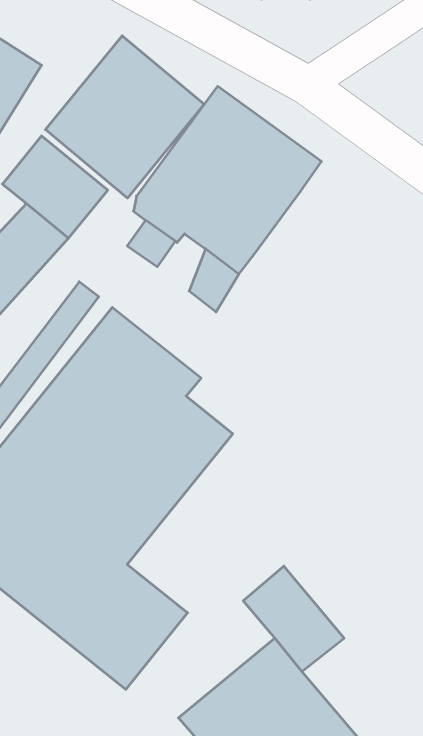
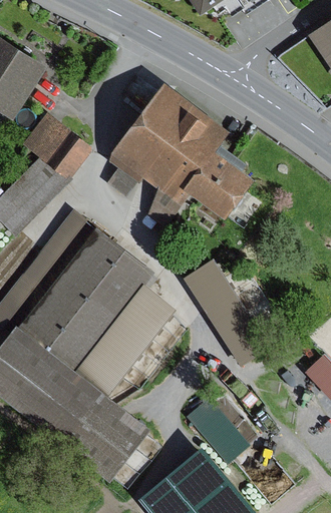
building: [45,36,204,198] -> none
building: none -> [190,148,258,217]
building: none -> [184,259,269,365]

